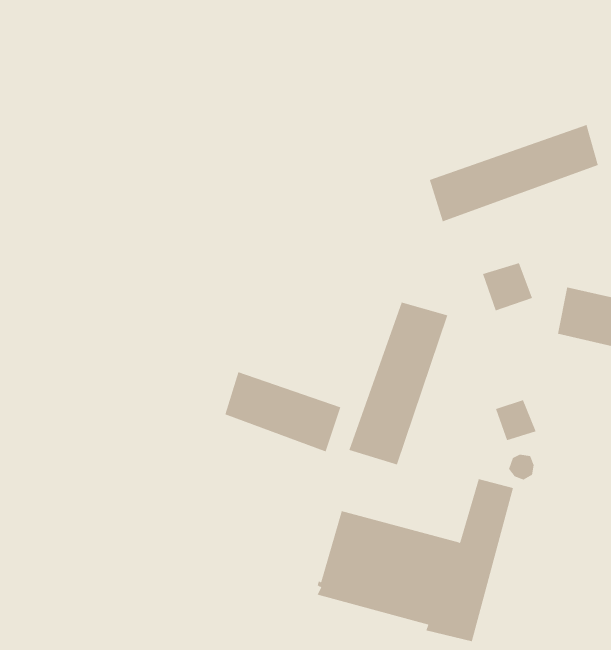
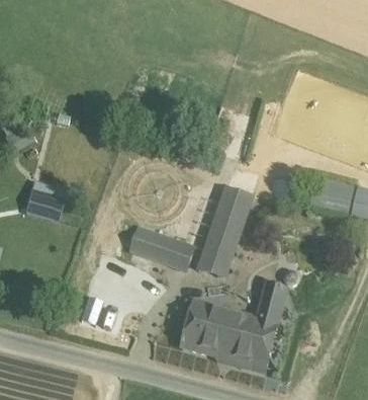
building: [429,124,598,222] -> none
building: none -> [26,191,63,219]

